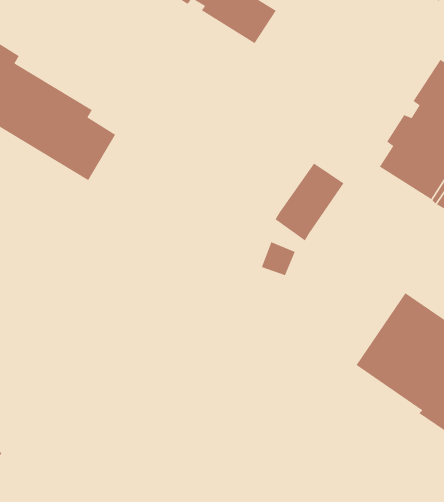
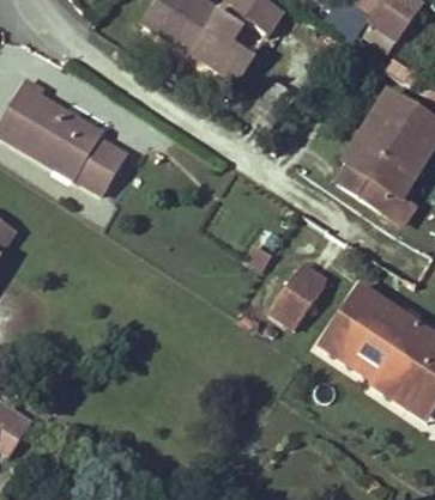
building: [275,163,345,241] -> [271,264,328,329]

